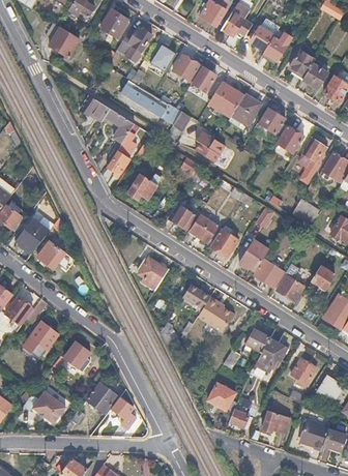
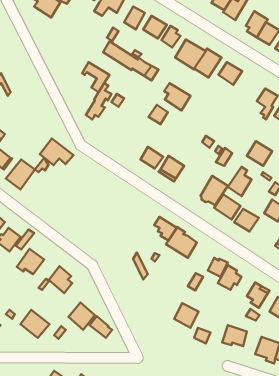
building: [80,95,110,121] -> none
building: [276,125,302,153] -> none
building: [127,173,161,199] -> none
building: [210,224,237,257] -> [228,167,252,196]
building: [37,239,76,269] -> [40,139,74,165]
building: [137,257,168,290] -> none

